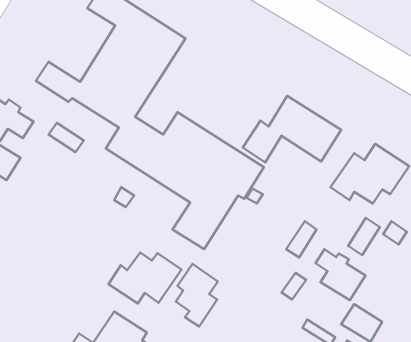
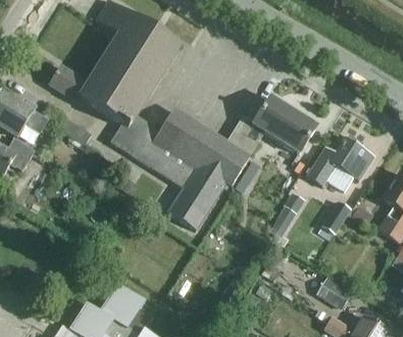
building: [316,249,365,300] -> none
building: [108,252,181,303] -> none
building: [176,264,218,327] -> none

